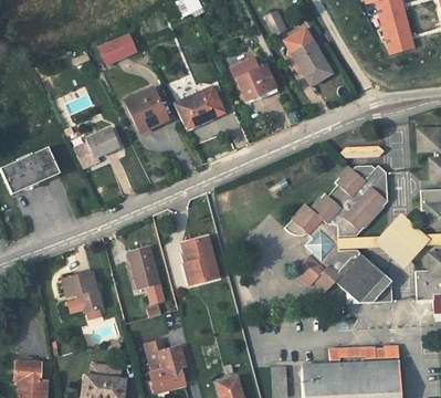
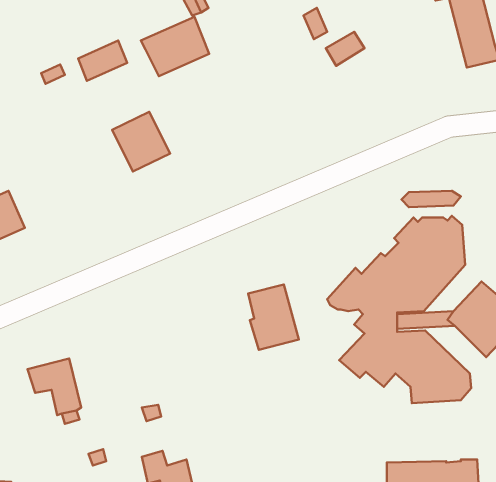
building: [292,40,332,83] -> none
building: [231,57,276,101] -> none
building: [174,85,224,129] -> [141,17,209,76]
building: [74,127,119,167] -> none
building: [181,237,219,285] -> [248,284,299,350]
building: [128,245,160,289] -> none

